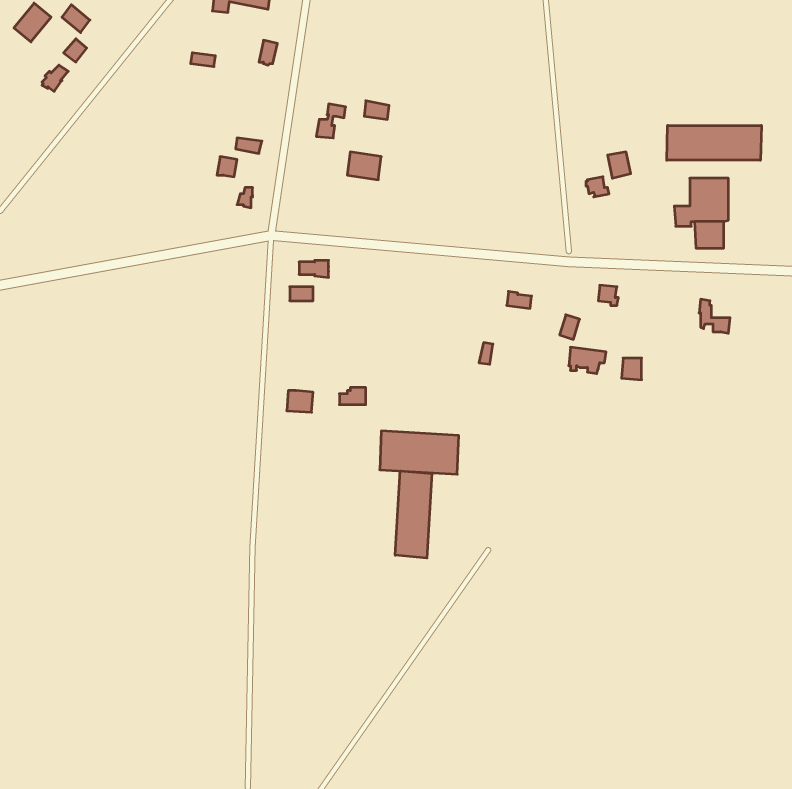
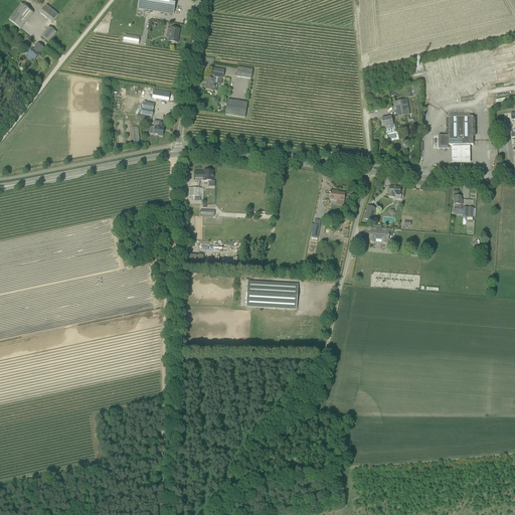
building: [667,125,761,160] -> none
building: [395,471,432,558] -> none

